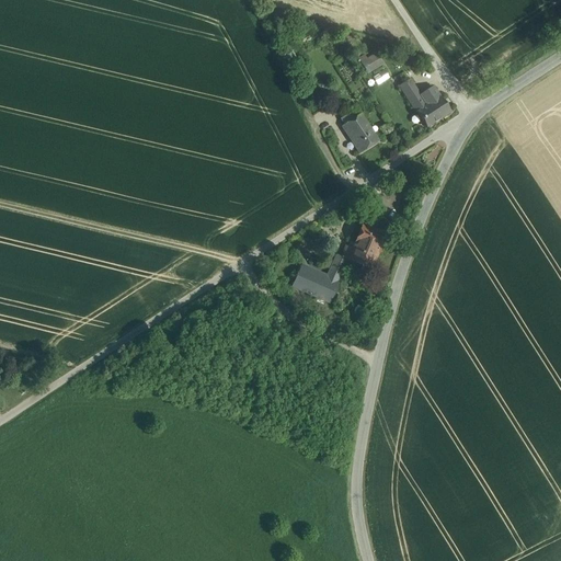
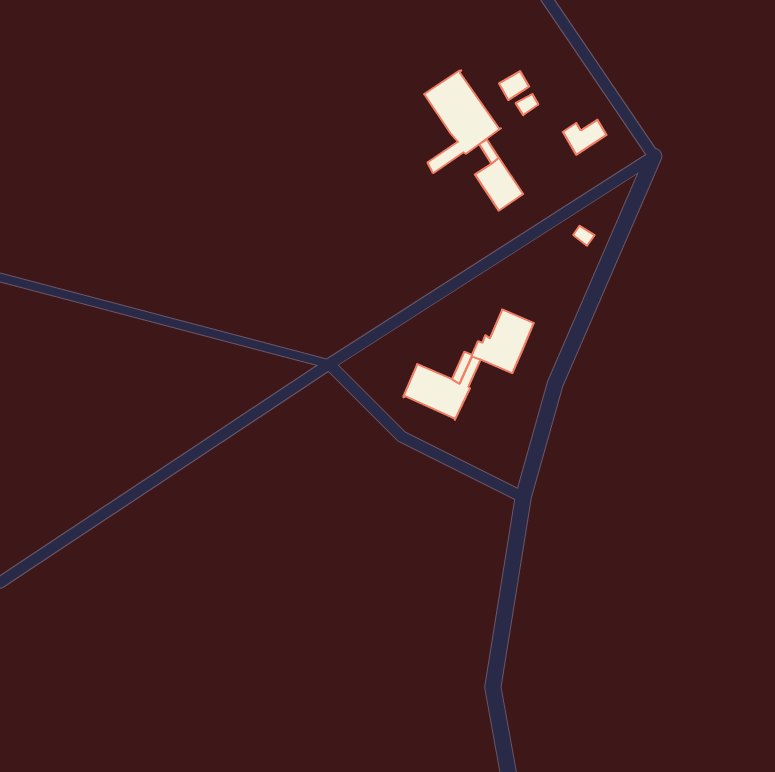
building: none -> [424,70,501,173]
building: [416,96,450,127] -> none

